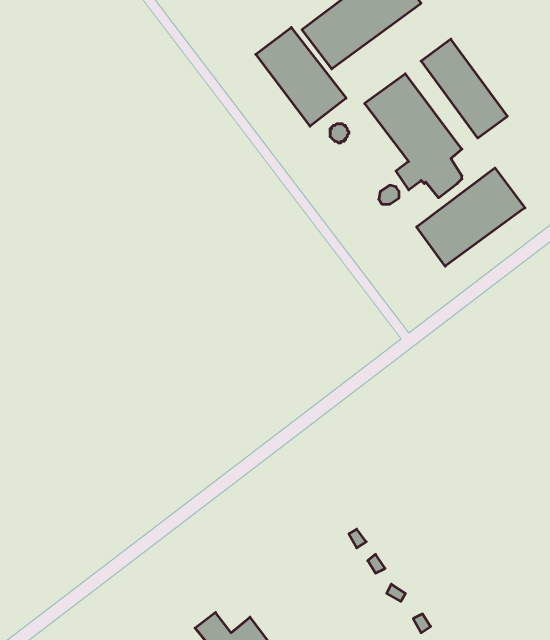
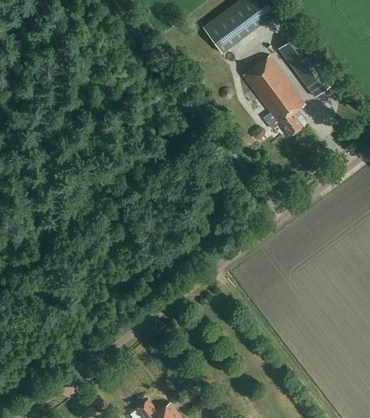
building: [256,27,346,126] -> none
building: [417,168,525,266] -> none

